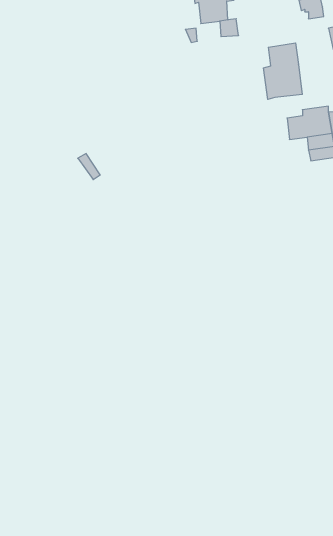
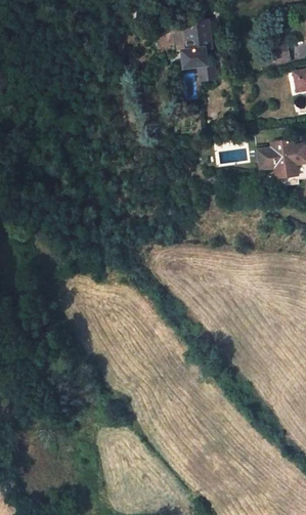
building: [263,43,302,99] -> none

